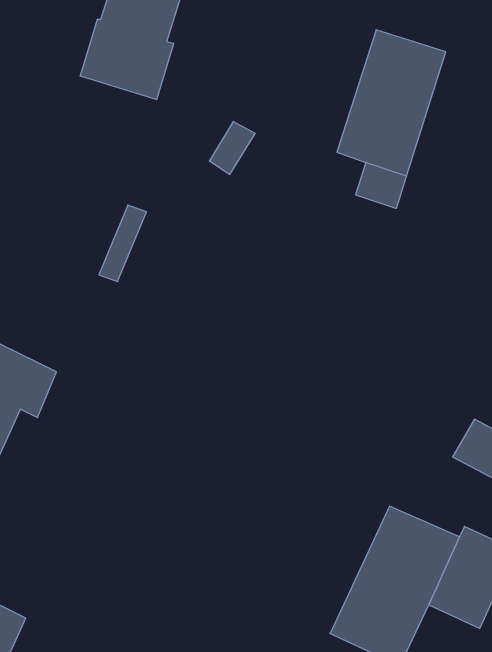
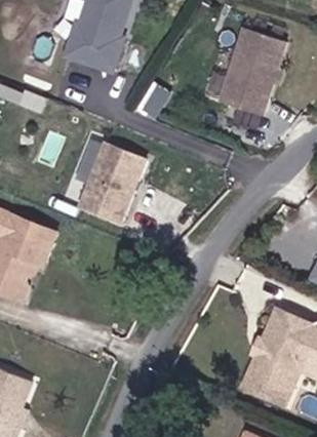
building: none -> [87,143,153,223]

